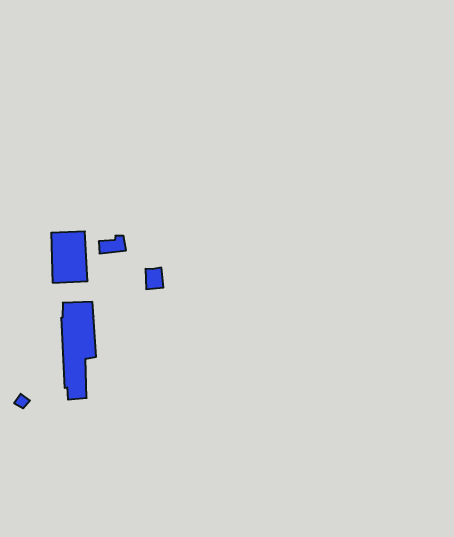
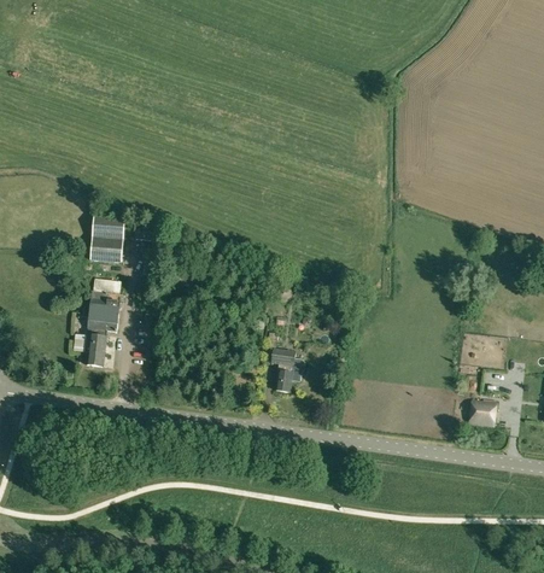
building: none -> [271,349,306,393]

